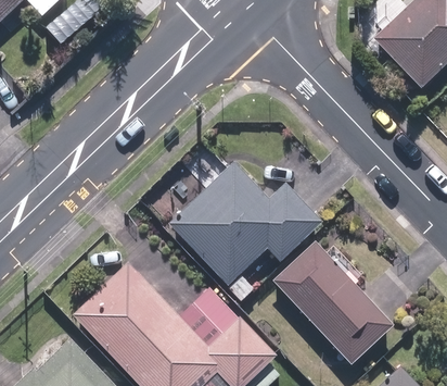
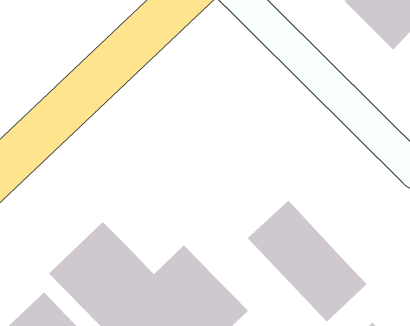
building: [169,163,322,287] -> none

